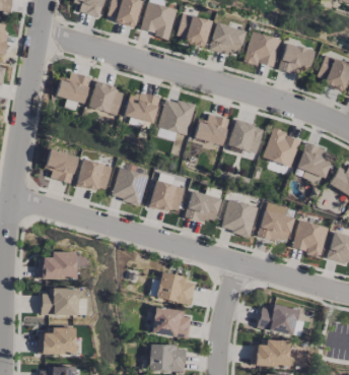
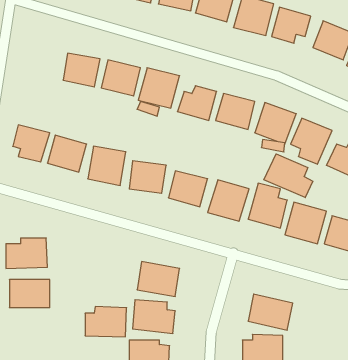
building: [56,72,90,103] -> none
building: none -> [264,154,313,198]
building: [38,327,75,355] -> [85,307,127,337]

